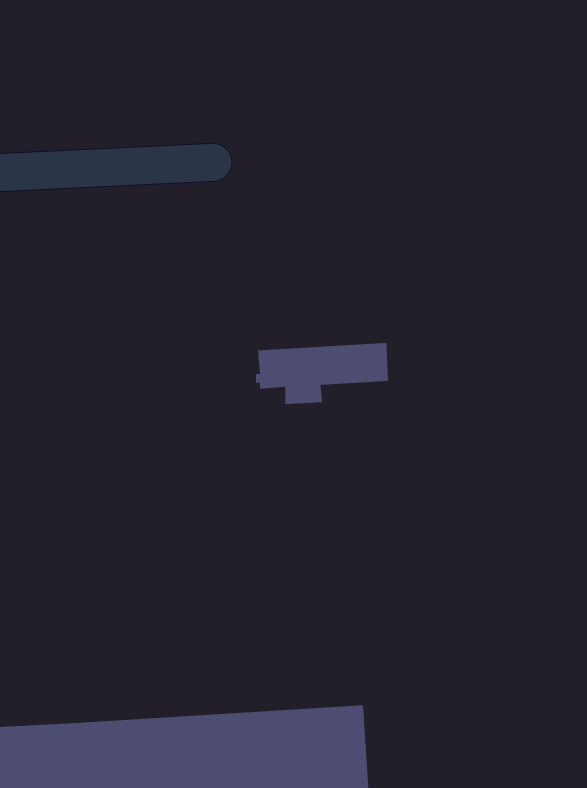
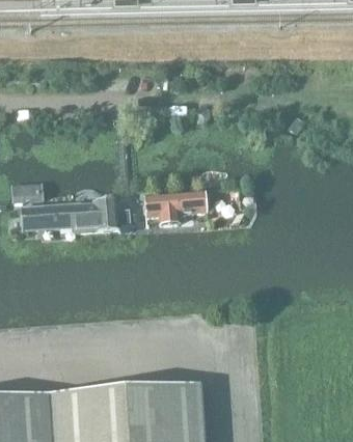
building: none -> [11,182,44,202]
building: none -> [21,199,131,232]

